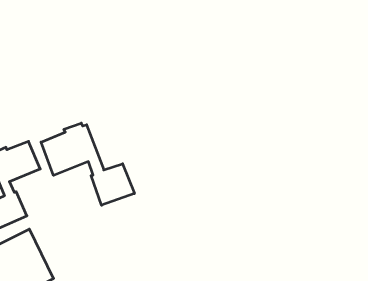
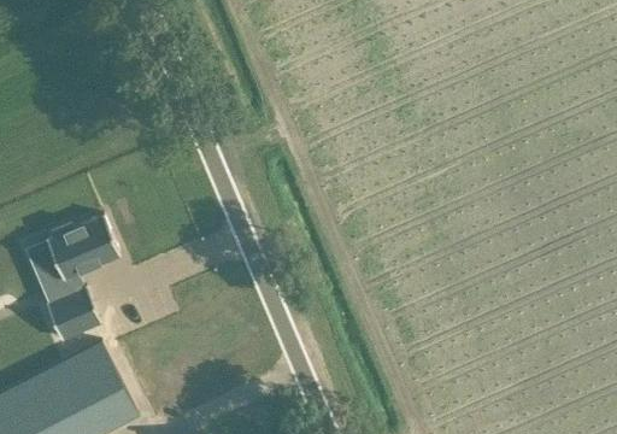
building: [41,123,134,205] -> none

